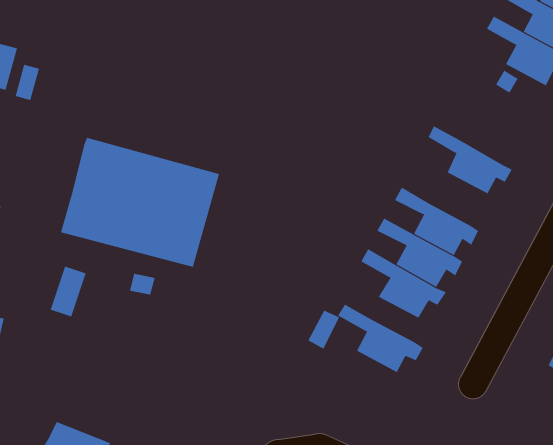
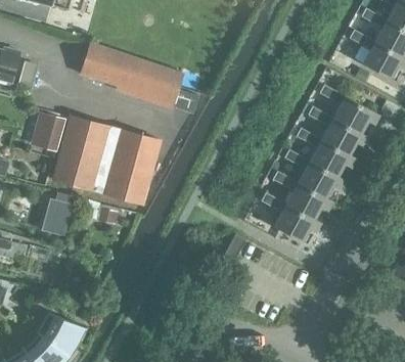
building: none -> [78,41,198,115]
building: none -> [318,84,378,133]
building: none -> [36,112,66,151]
building: [337,304,423,373] -> [295,127,355,175]

